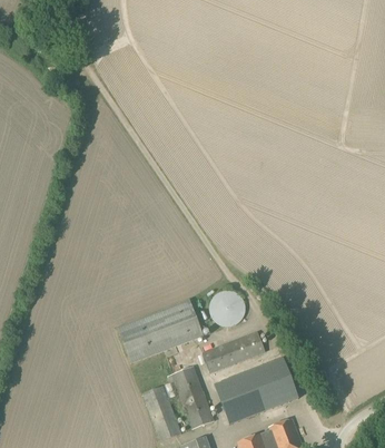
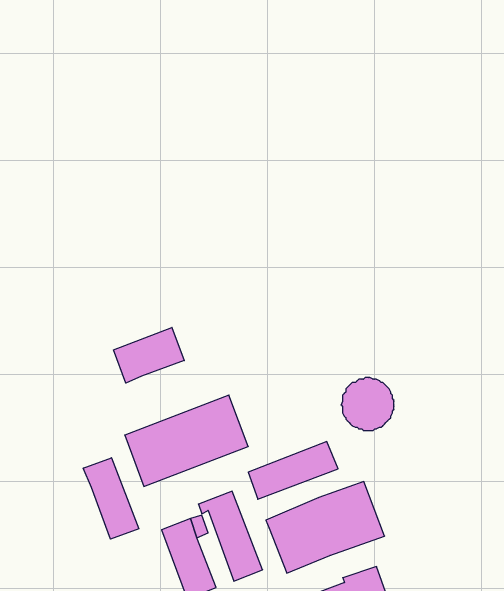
building: none -> [113,327,184,383]
building: [209,290,246,327] -> [341,378,394,431]
building: none -> [83,458,139,539]

